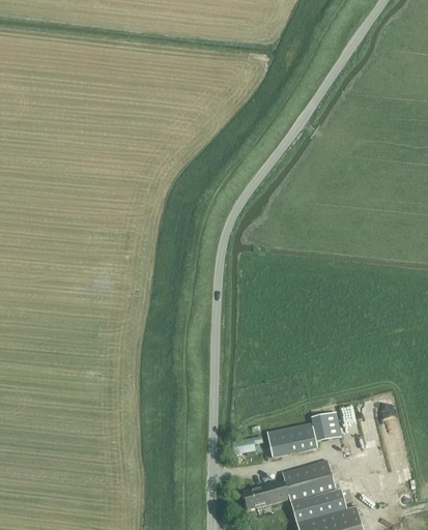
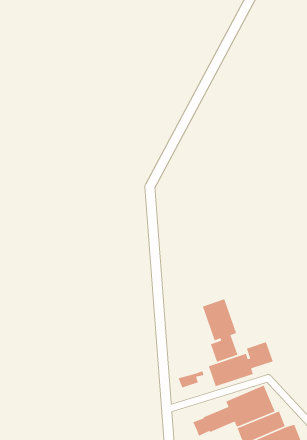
building: none -> [202,298,239,363]

